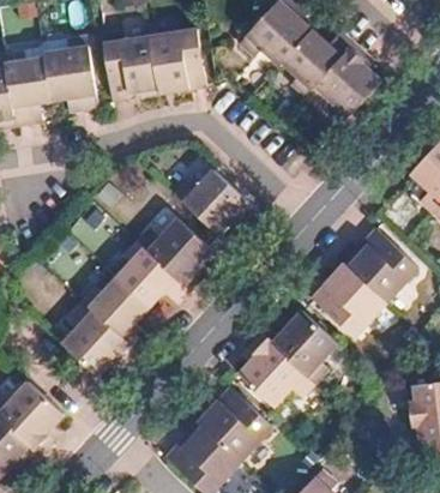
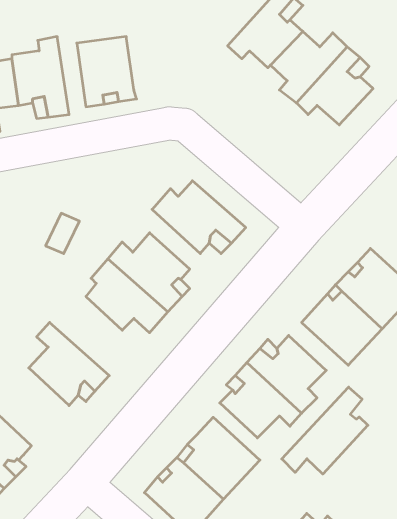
building: [150,29,204,91] -> none
building: [79,275,146,348] -> none
building: none -> [282,387,368,474]

